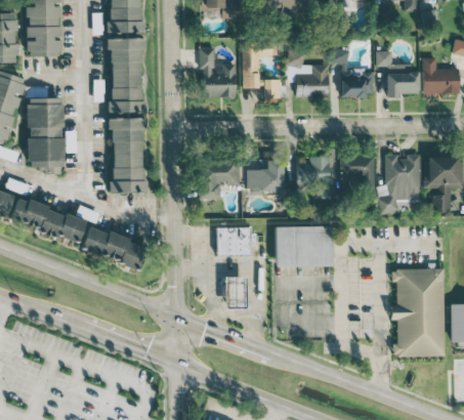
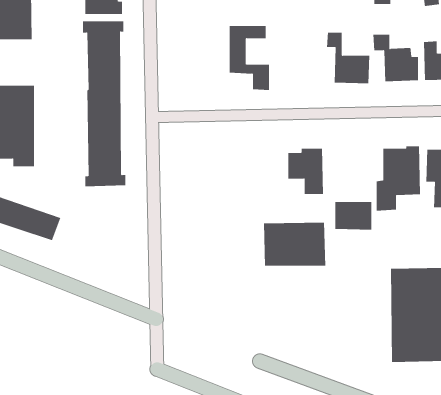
building: [200,47,236,98] -> none
building: [287,50,329,97] -> none
building: [340,157,375,183] -> [335,201,372,230]
building: [203,161,240,199] -> none
building: [248,161,284,193] -> none
building: [82,227,143,267] -> none
building: [217,227,251,255] -> none
building: [225,277,248,308] -> none

